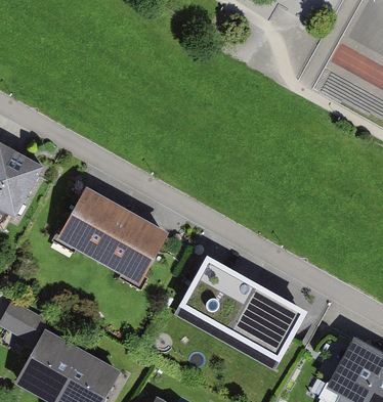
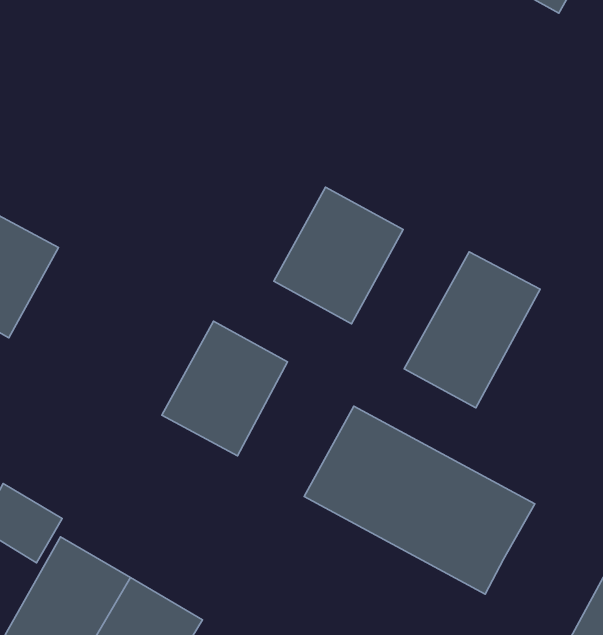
building: none -> [404,252,540,408]
building: [56,185,128,261] -> [274,187,403,324]

